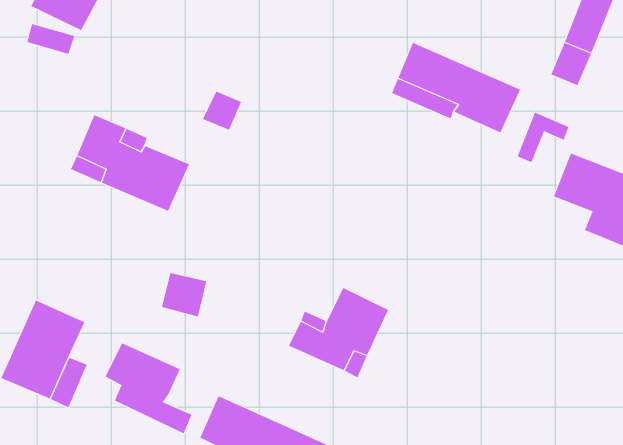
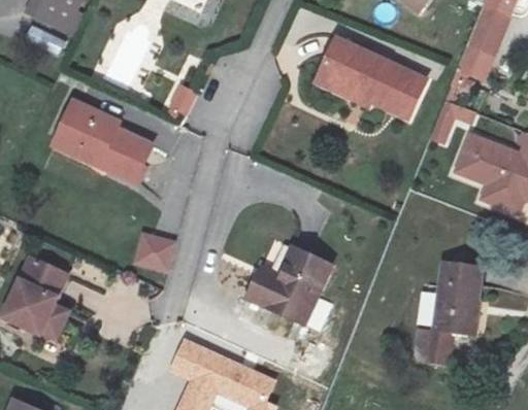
building: none -> [414,260,473,360]
building: [105,342,192,434] -> none

